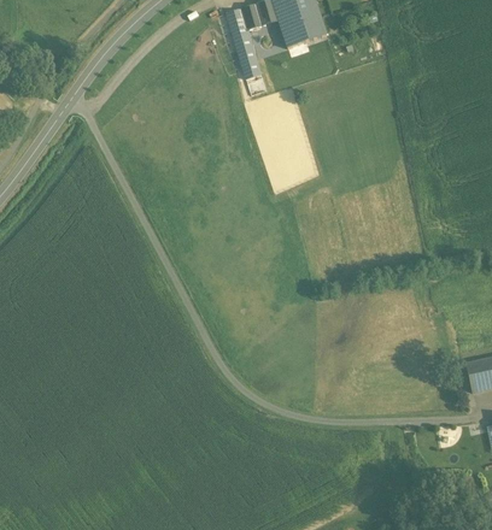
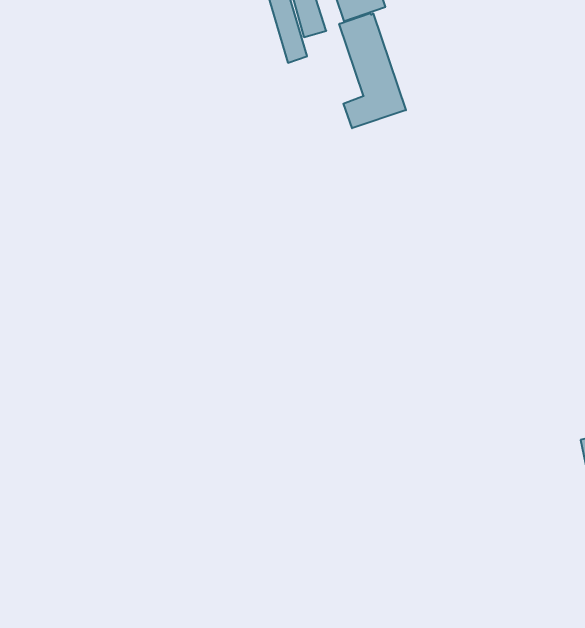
building: none -> [339,13,406,128]

